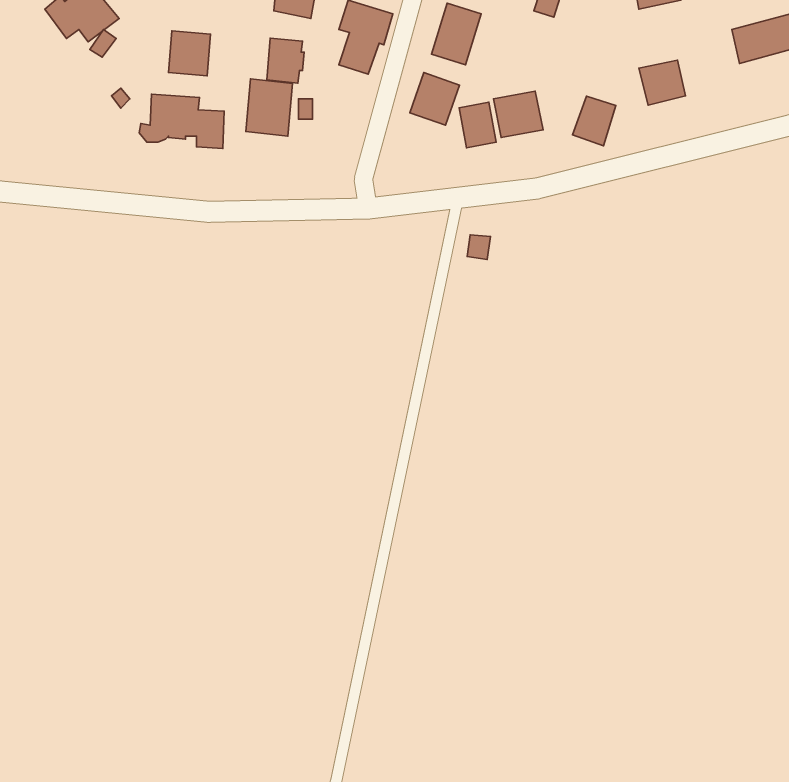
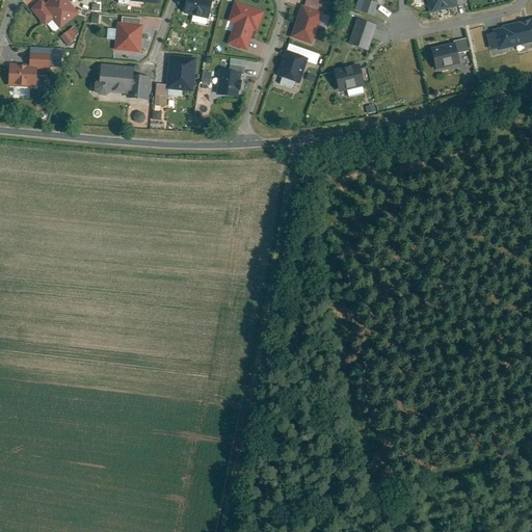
building: [267,38,304,83] -> [218,69,243,99]
building: none -> [9,49,53,88]
building: [573,96,616,146] -> [348,19,377,52]
building: [459,102,496,148] -> none

